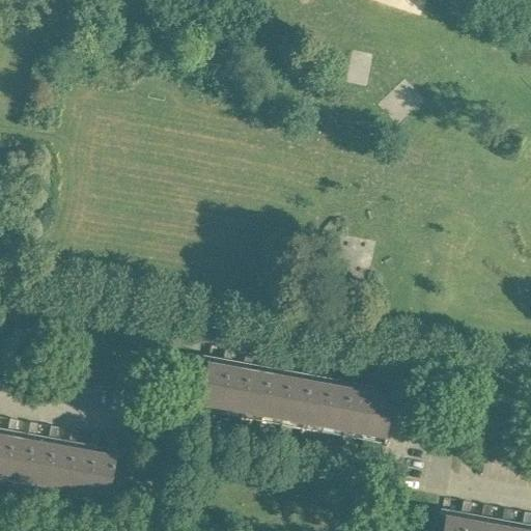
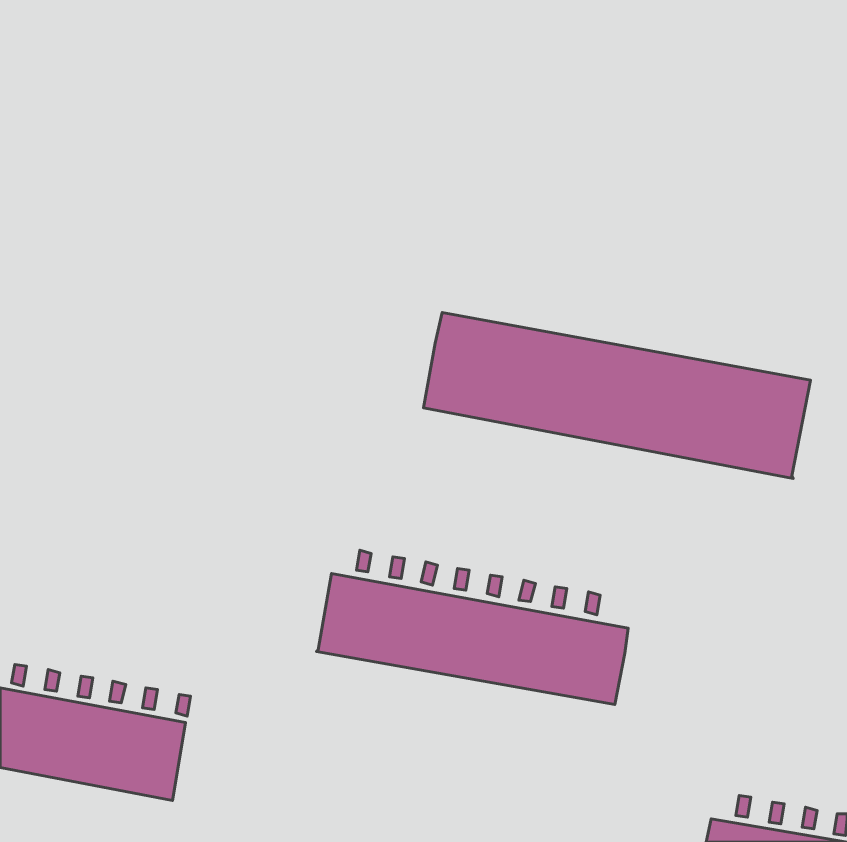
building: none -> [424,312,811,479]

